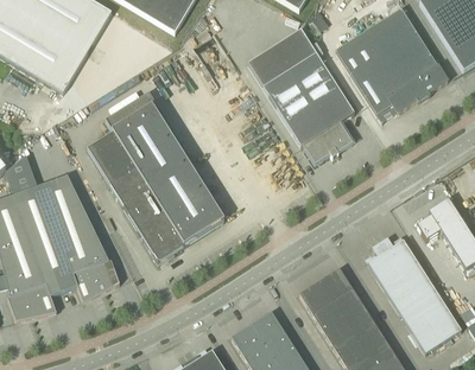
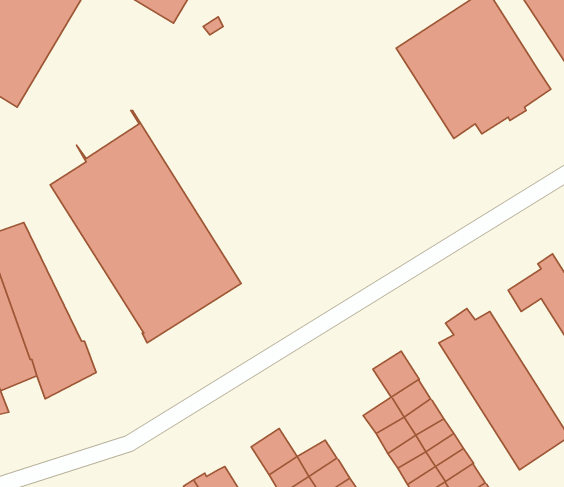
building: [247,27,354,161] -> none
building: [298,280,331,313] -> none
building: [251,310,284,343] -> none

